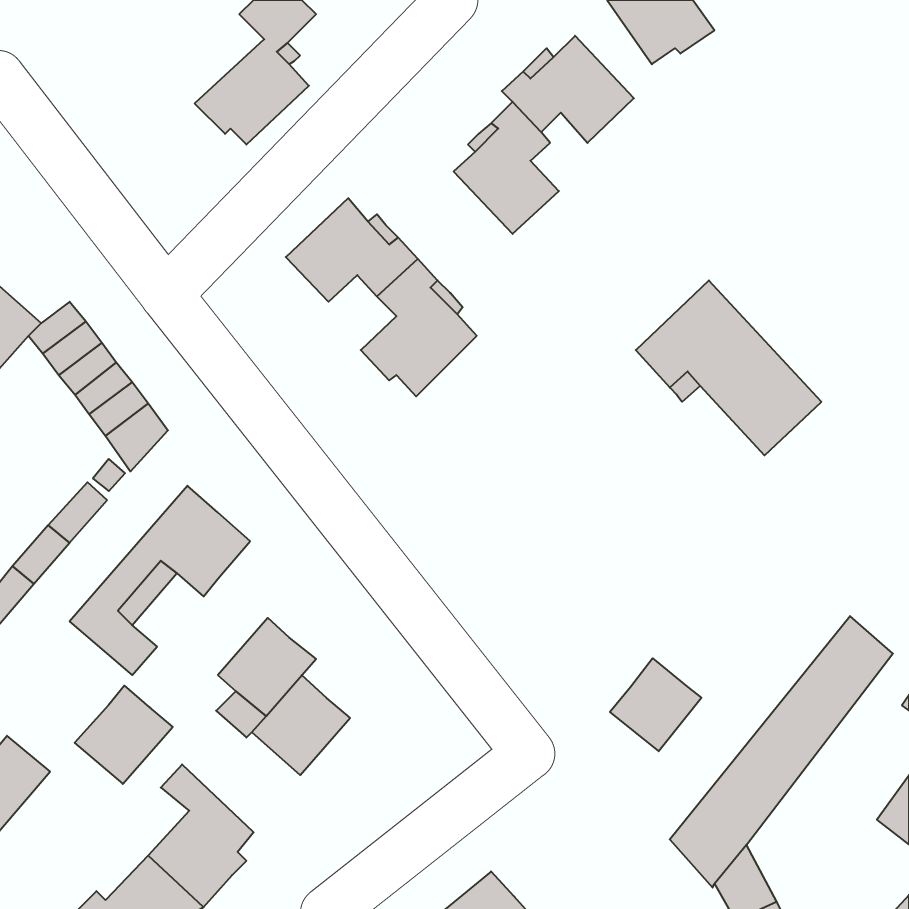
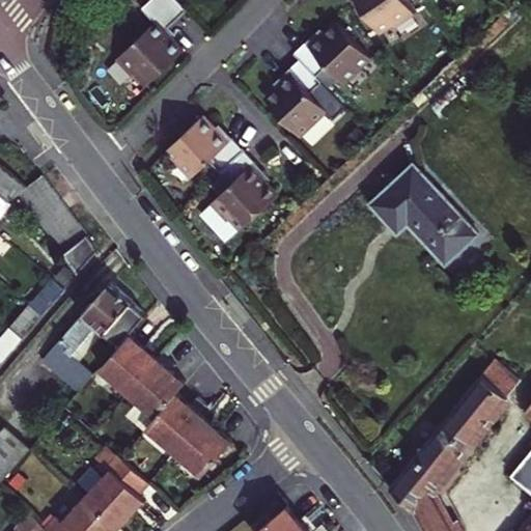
building: [610,658,701,751] -> none
building: [75,686,173,784] -> [99,337,156,394]
building: none -> [174,419,231,476]

